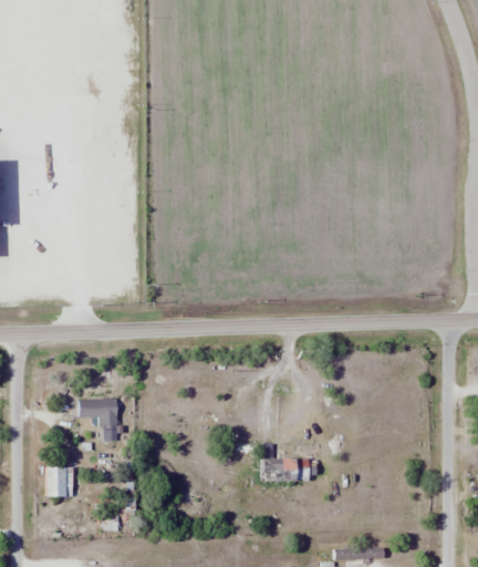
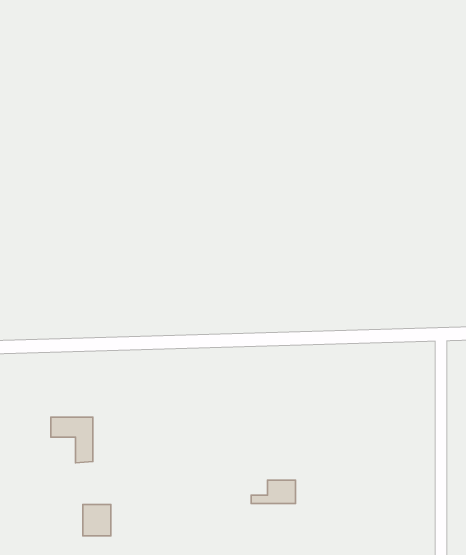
building: [46,466,73,496] -> [83,505,111,536]

